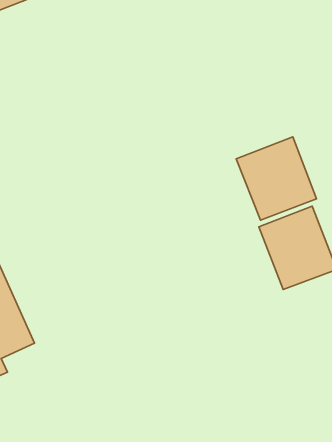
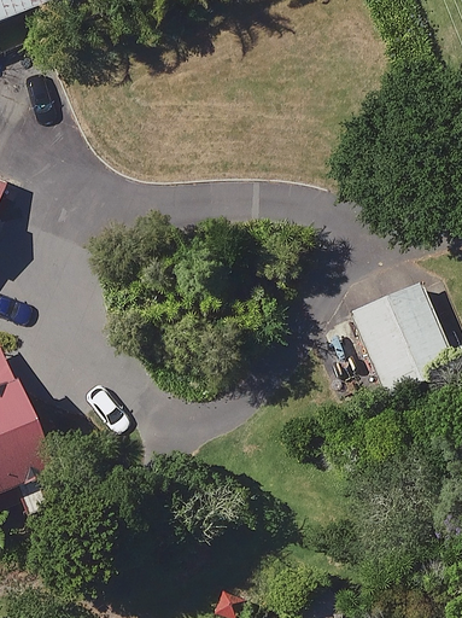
building: [236,137,317,220] -> none

